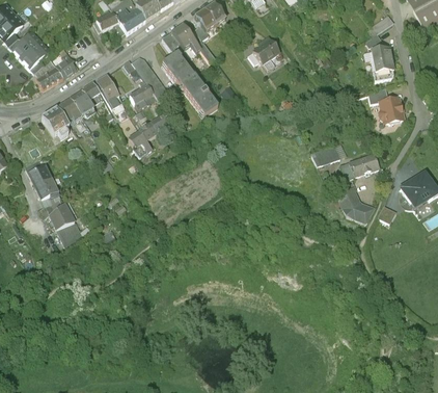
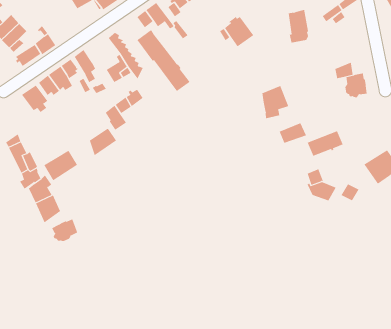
building: [372,44,393,79] -> [288,9,309,43]
building: none -> [262,85,289,119]
building: none -> [89,127,117,156]
building: none -> [43,150,78,181]
building: none -> [51,218,78,242]

